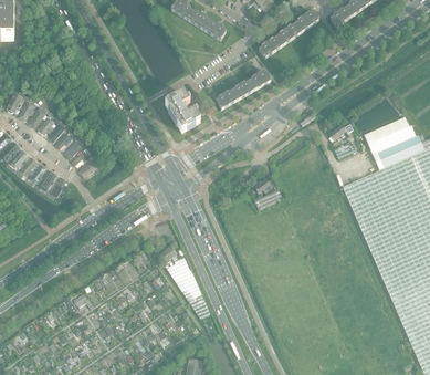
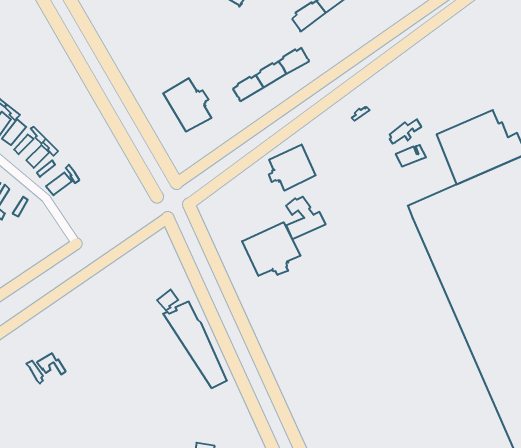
building: none -> [269,144,316,191]
building: none -> [242,222,301,276]

